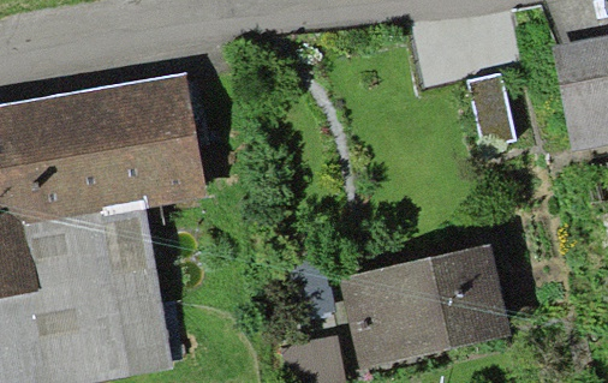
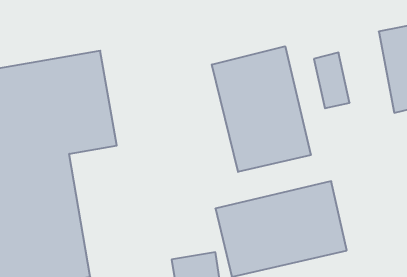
building: none -> [212,46,311,172]

